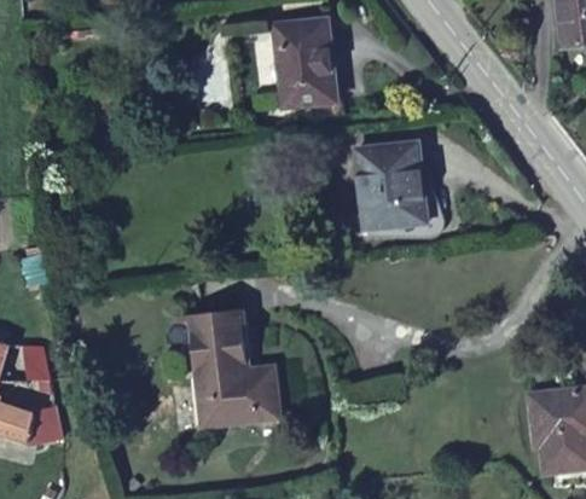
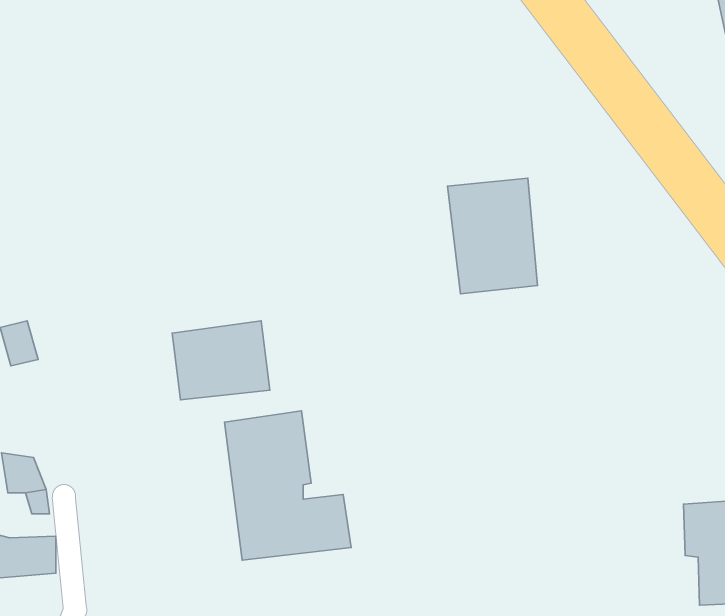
building: [267,19,330,105] -> none
building: none -> [172,321,270,400]

